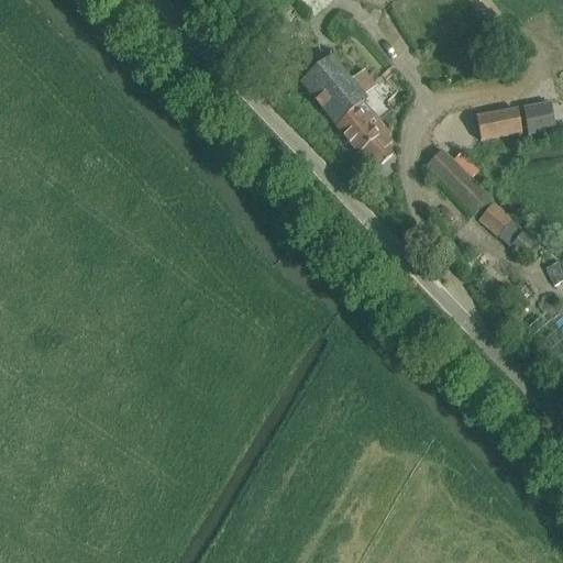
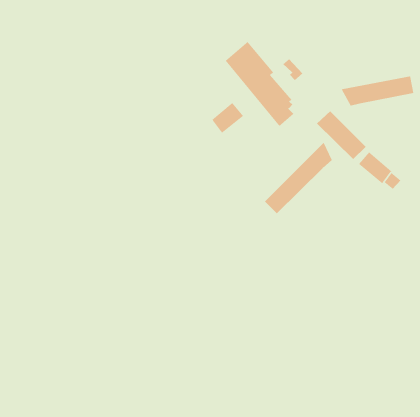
building: none -> [211,102,244,133]
building: none -> [264,142,332,214]

